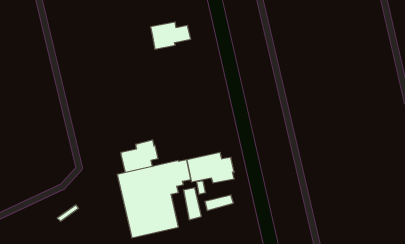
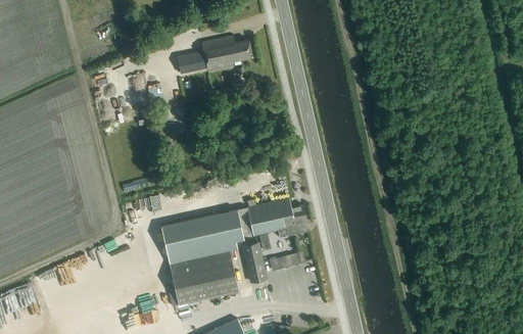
building: none -> [178,51,206,75]
building: [121,140,158,172] -> none

